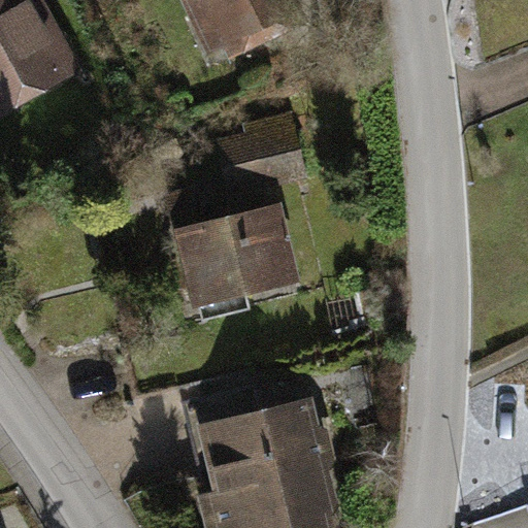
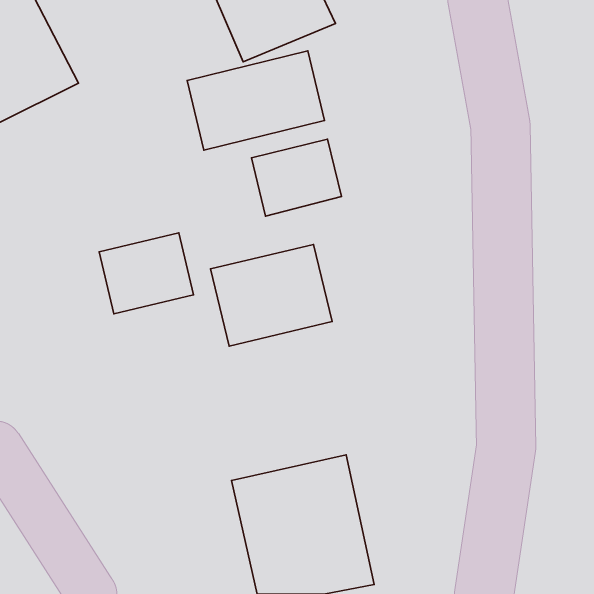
building: none -> [187,51,325,150]
building: none -> [99,233,193,314]

